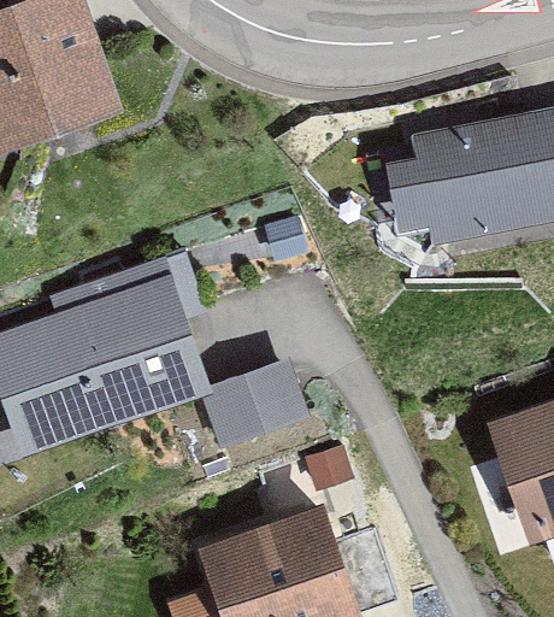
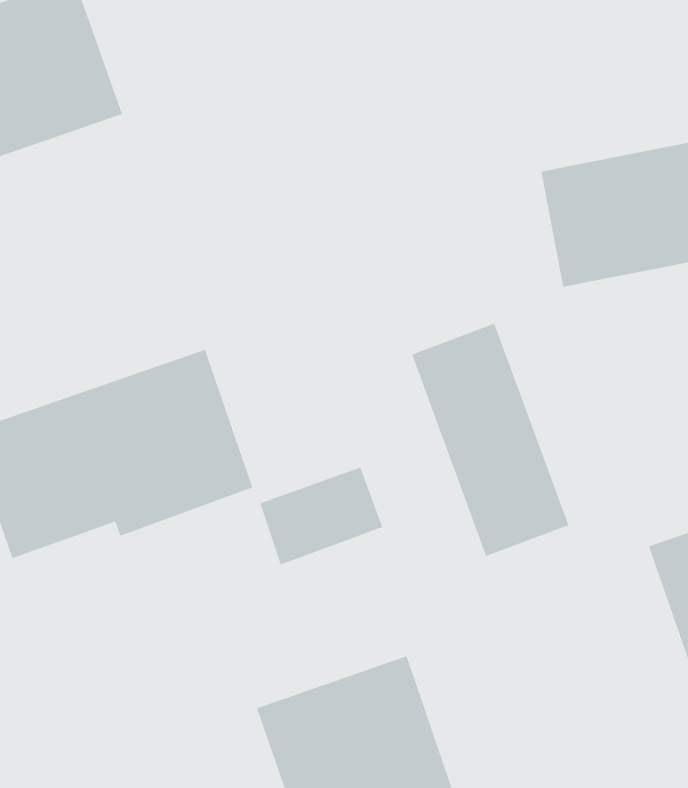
building: none -> [411,323,569,557]

